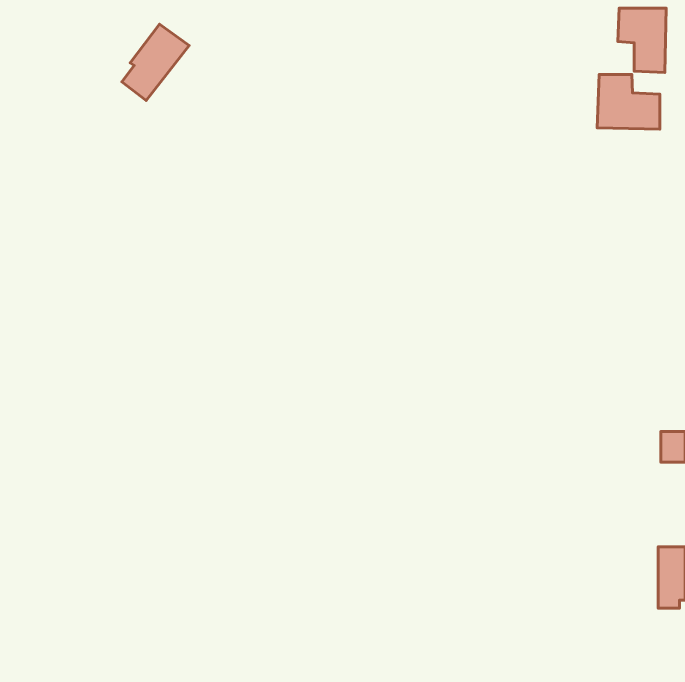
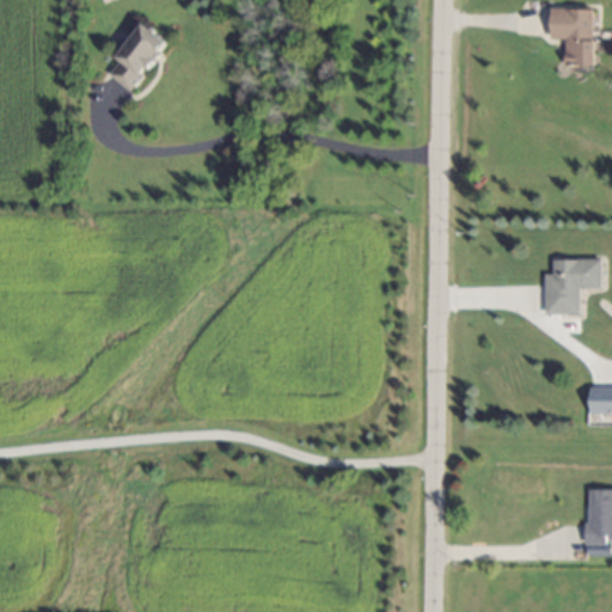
building: [597,75,660,129] -> none
building: none -> [544,257,602,313]

